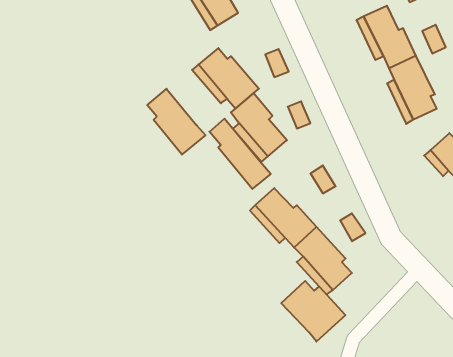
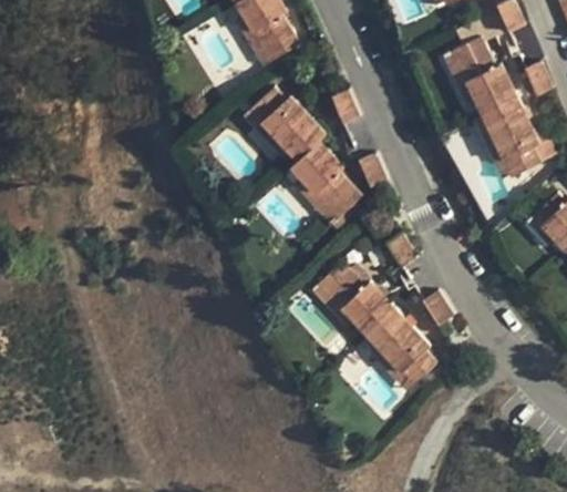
building: [147,89,205,155] -> none
building: [209,119,271,189] -> none
building: [281,281,345,342] -> none

